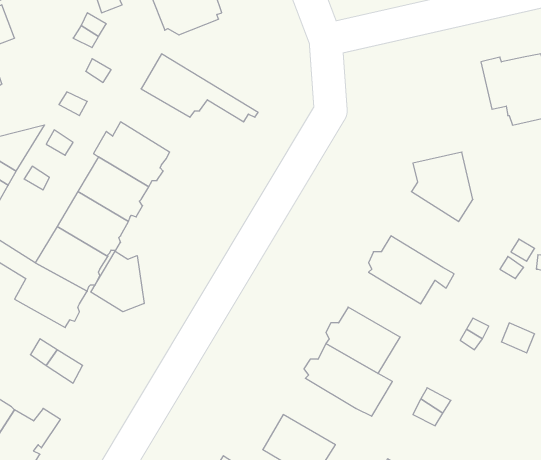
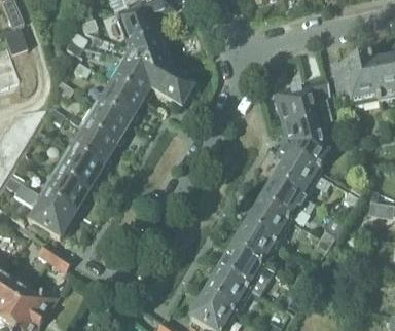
building: none -> [122,35,190,96]
building: none -> [96,80,141,121]
building: none -> [278,80,331,128]
building: none -> [271,147,330,196]
building: [91,251,144,312] -> none
building: none -> [243,199,291,242]
building: none -> [202,268,249,311]

